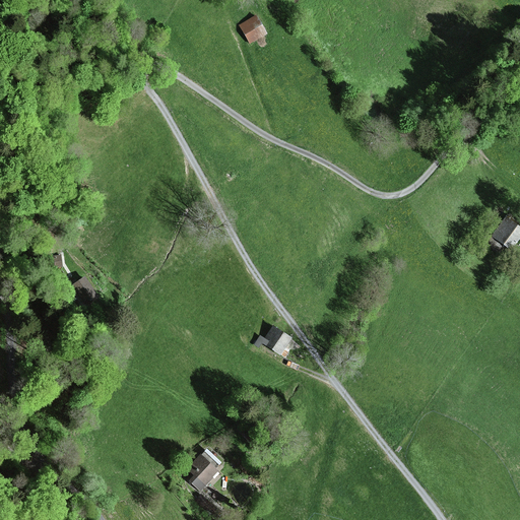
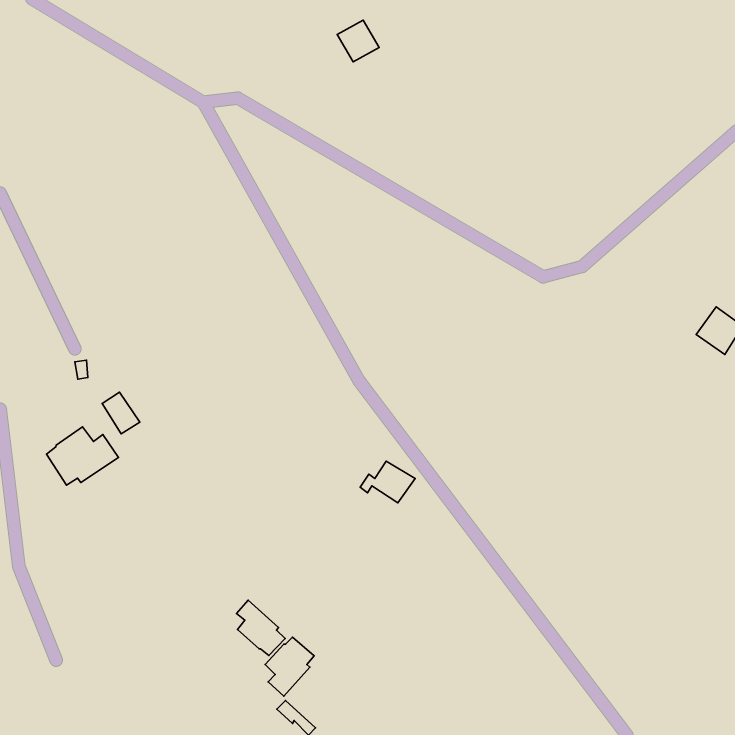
building: none -> [46,427,118,485]
building: none -> [236,600,285,656]

